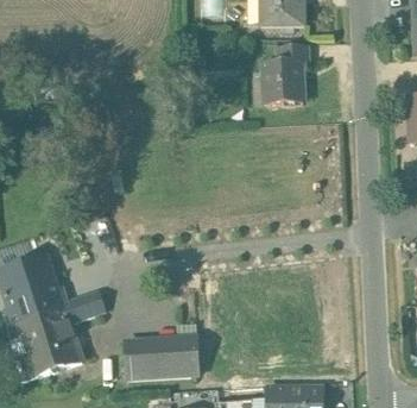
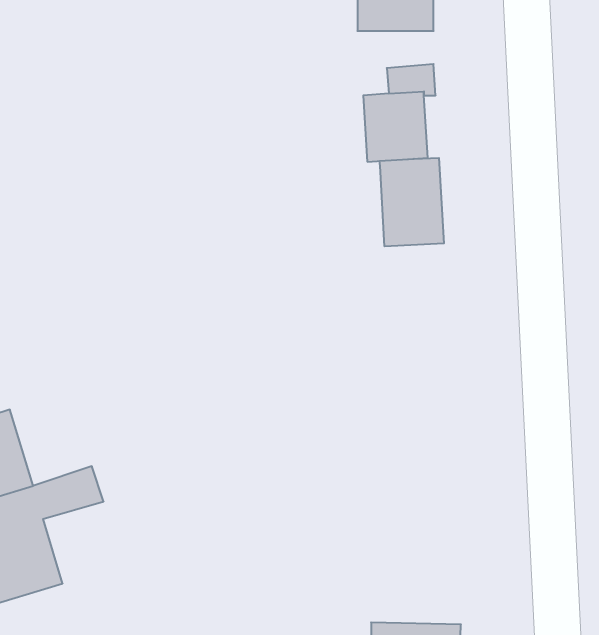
building: none -> [380,158,444,246]
building: [124,335,196,375] -> none

